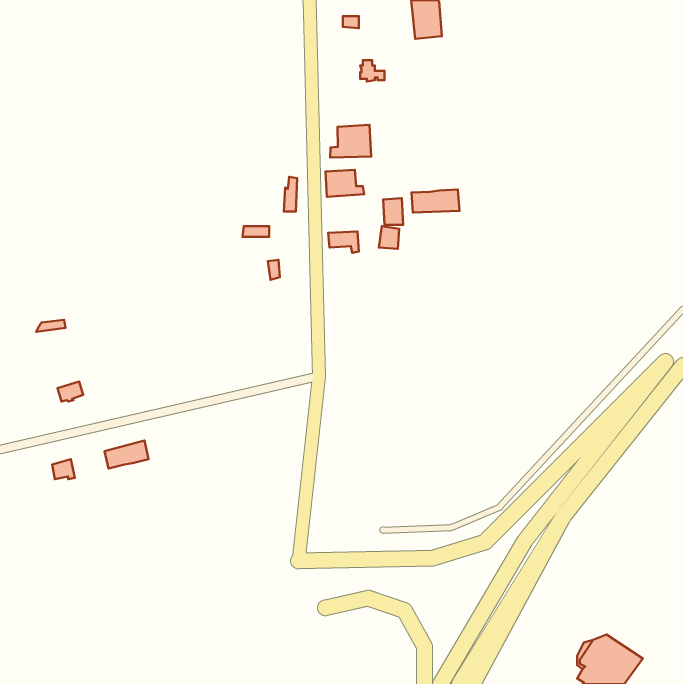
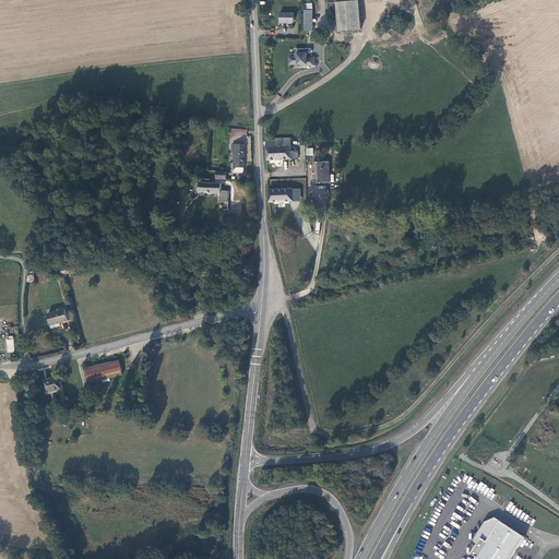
building: [330,125,371,158] -> none
building: [411,190,460,212] -> none

